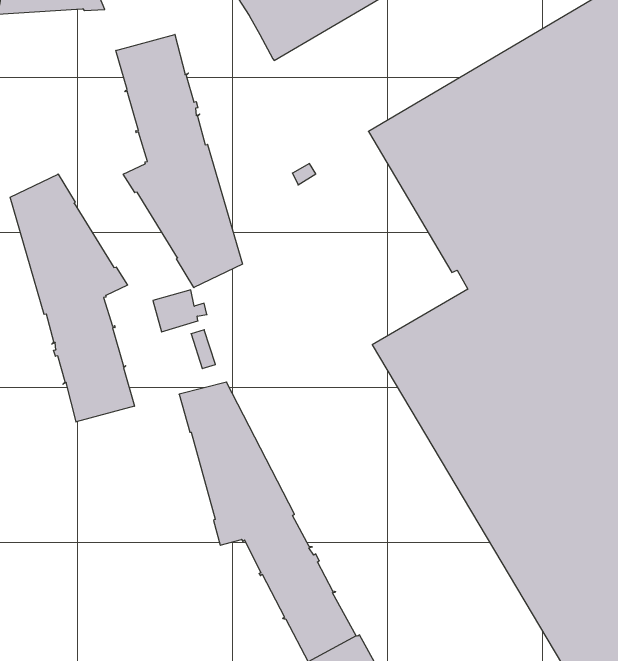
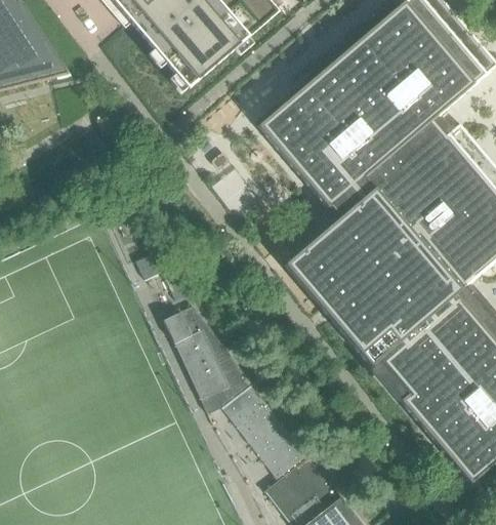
building: [116,34,242,288] -> none
building: [10,174,134,422] -> none

